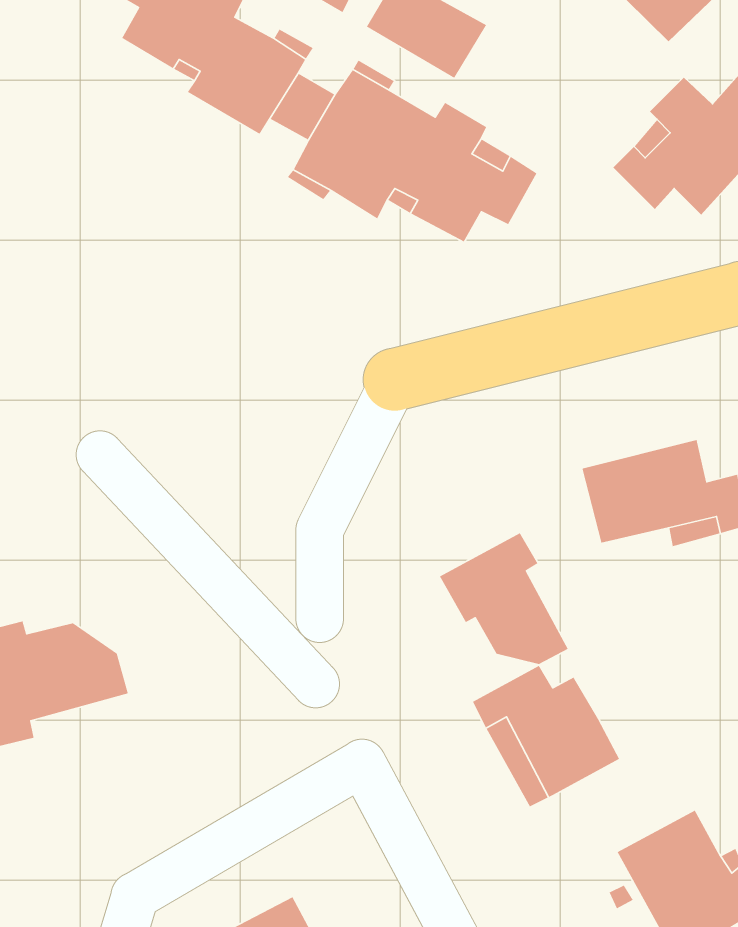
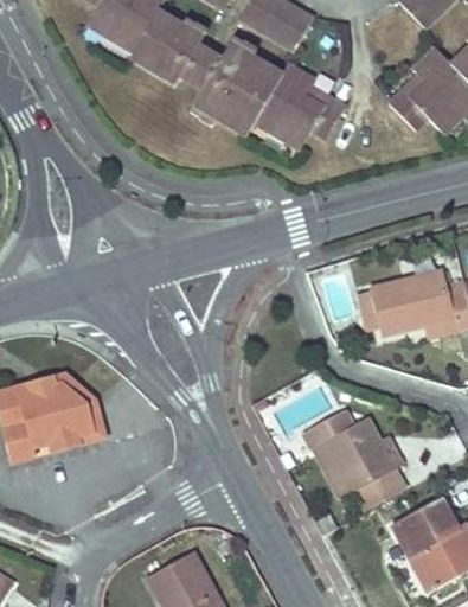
building: [439,532,569,665] -> none
building: none -> [27,371,105,454]
building: none -> [353,436,410,511]

